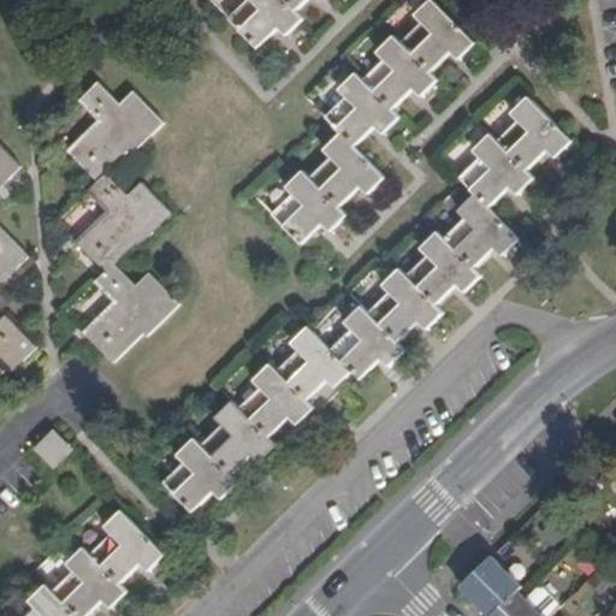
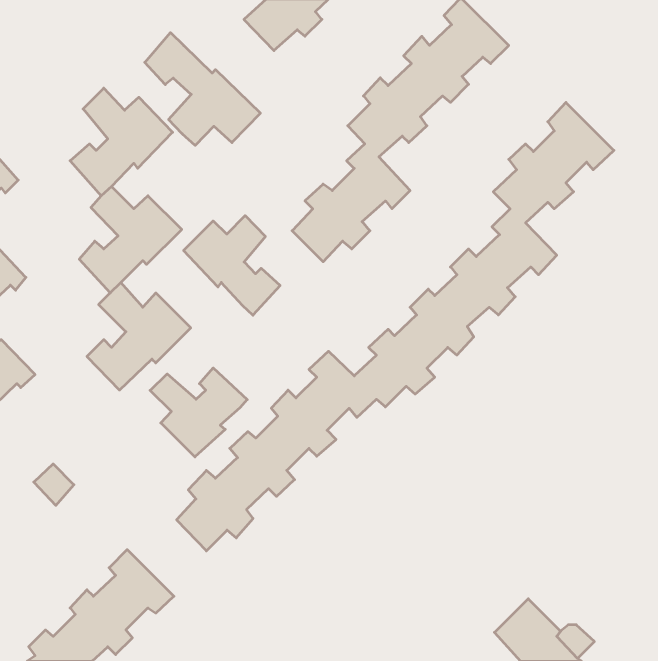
building: none -> [145,33,260,145]
building: none -> [184,216,280,315]
building: none -> [150,368,247,457]

